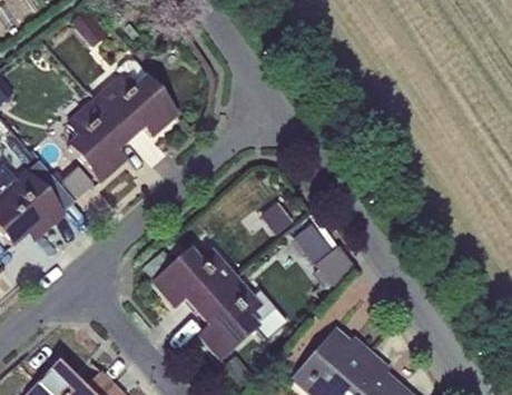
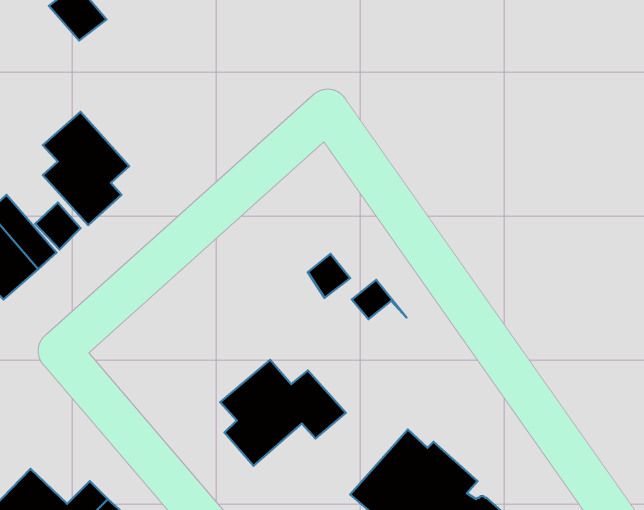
building: [95,59,178,138] -> none
building: [306,237,354,284] -> none
building: [154,249,234,312] -> none

